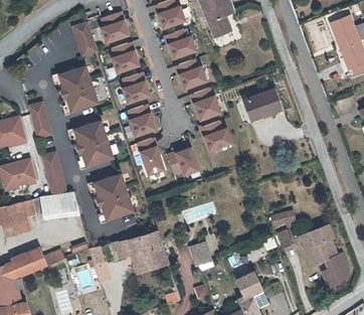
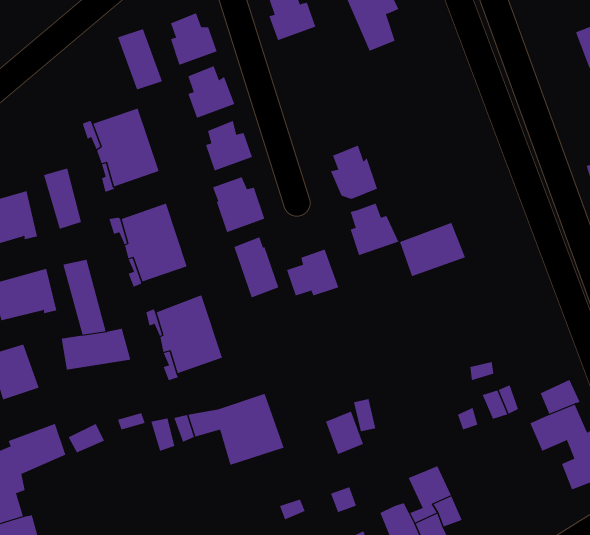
building: [168,30,195,60] -> none
building: [178,60,206,91] -> none
building: [243,89,282,120] -> [399,222,466,277]

